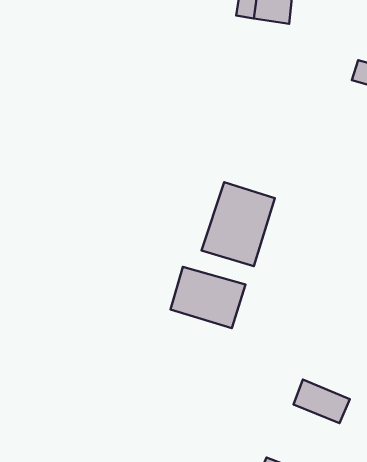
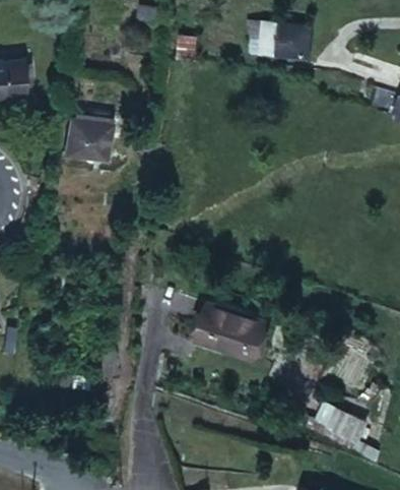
building: none -> [63,117,111,162]
building: [202,182,275,266] -> none

